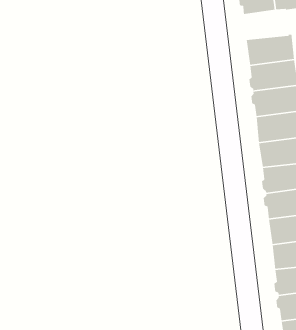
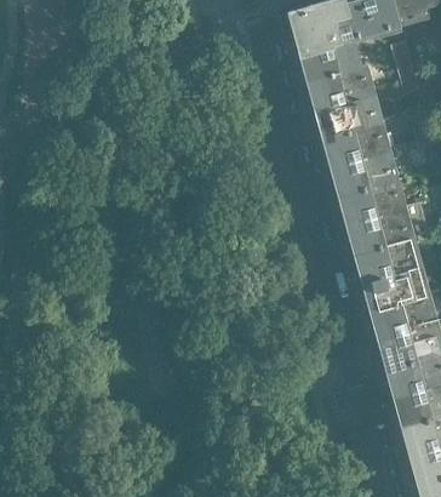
building: none -> [300,42,355,84]

